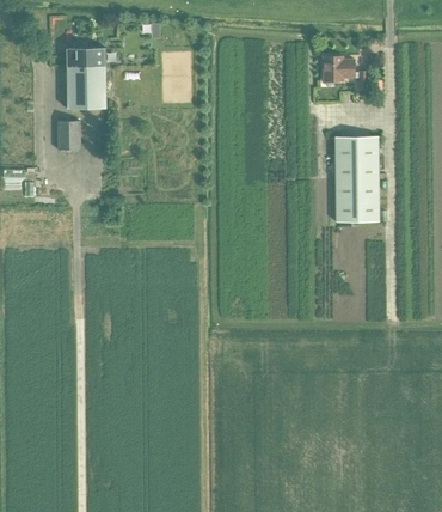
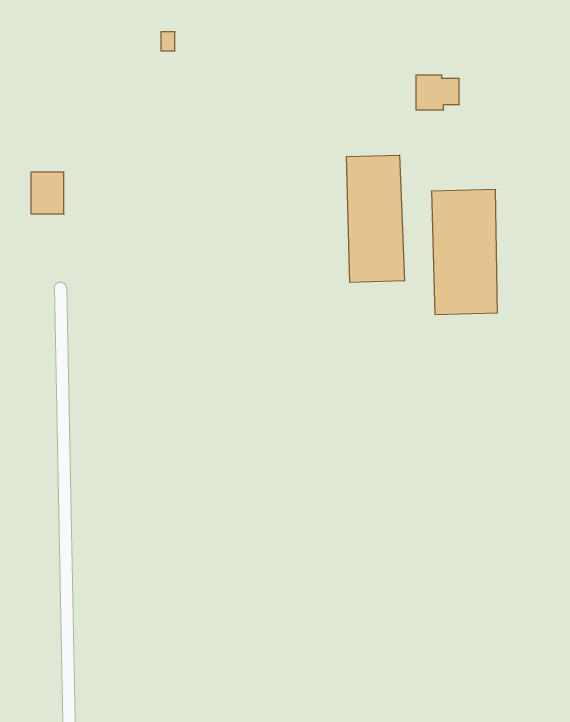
building: [66,48,106,109] -> none
building: none -> [347,155,404,282]

